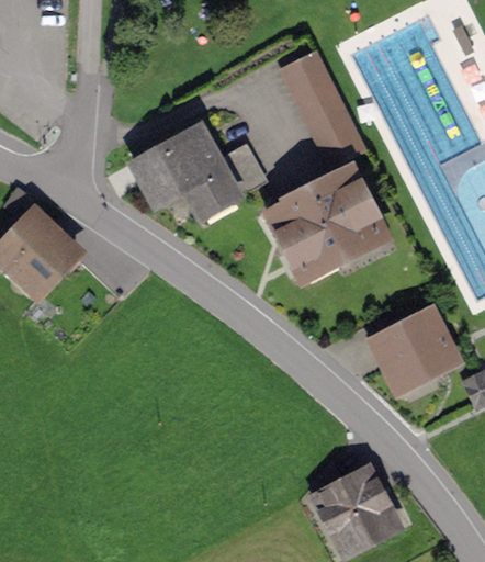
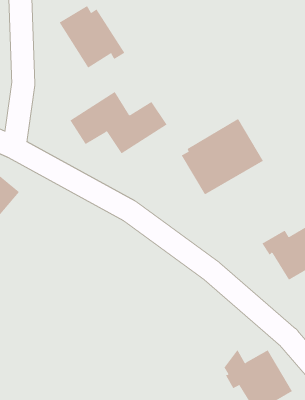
building: none -> [59,5,125,68]
building: [286,56,363,164] -> none

